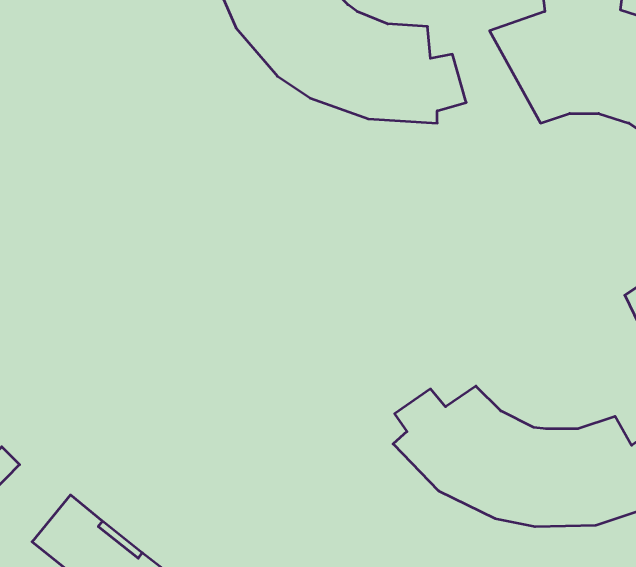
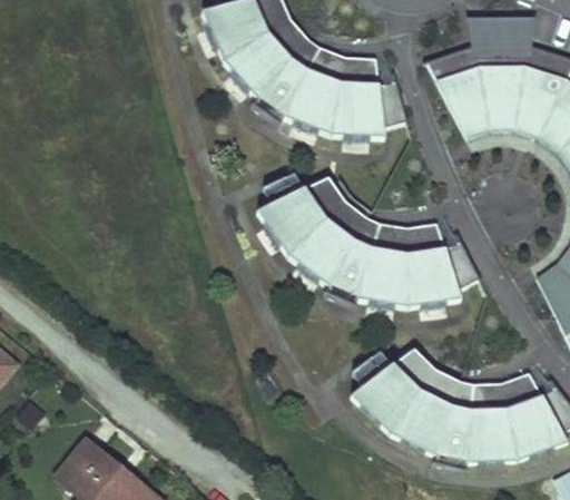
building: none -> [254,173,476,306]

